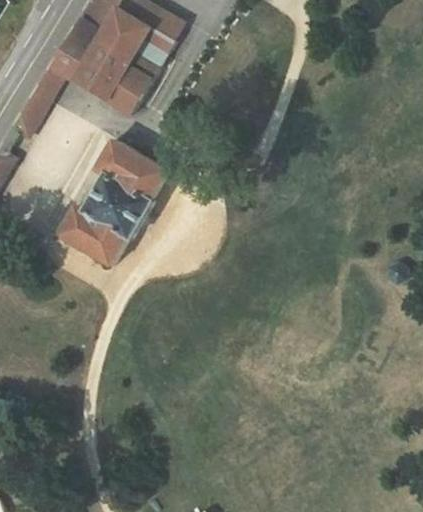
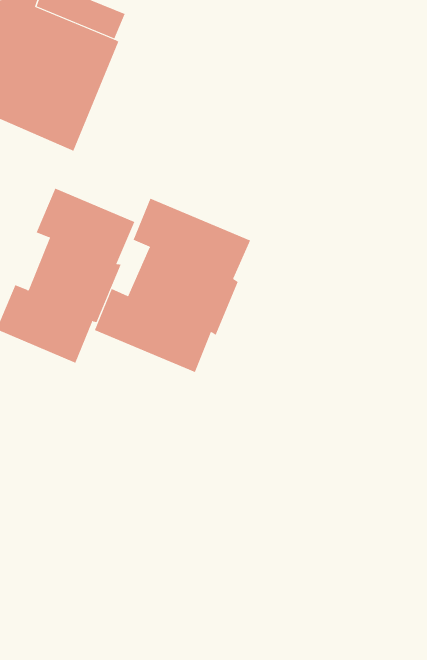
building: none -> [94,198,251,373]

